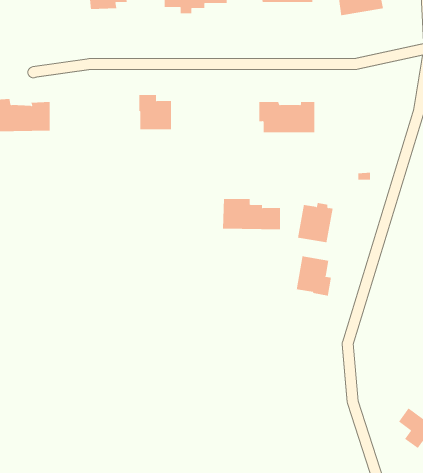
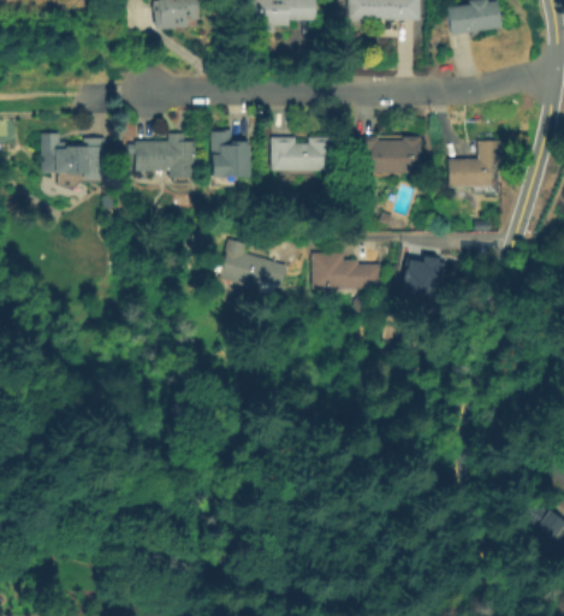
building: none -> [271,136,333,171]
building: none -> [133,138,196,172]
building: none -> [449,141,500,188]
building: none -> [218,239,286,291]
building: [296,256,332,296] -> none

